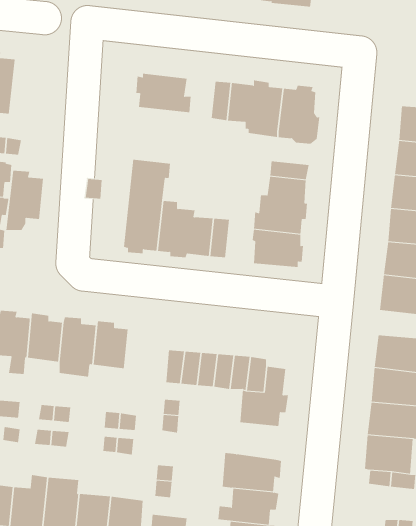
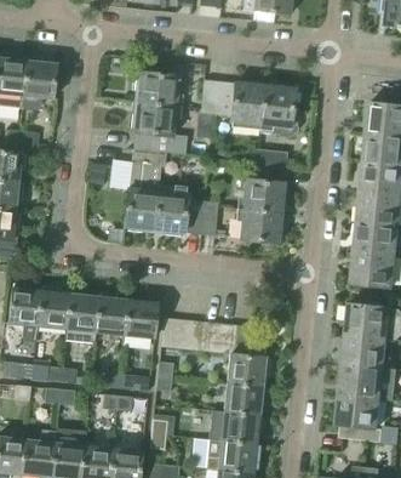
building: none -> [131,103,187,154]
building: [6,170,44,231] -> [23,56,57,109]
building: none -> [125,295,157,337]
building: none -> [224,382,268,415]

